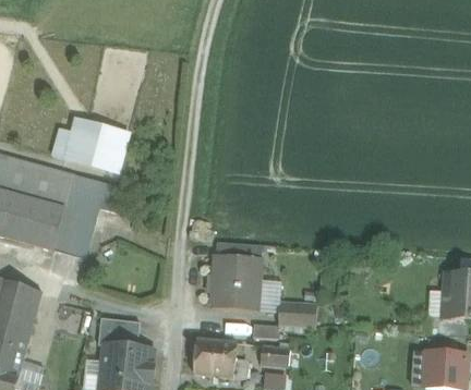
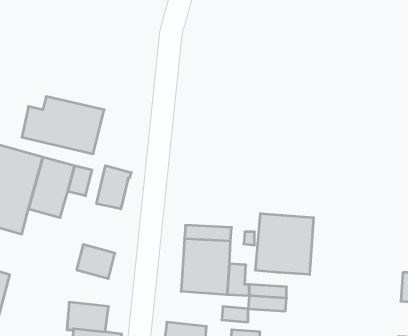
building: none -> [97,166,131,209]
building: [53,226,92,259] -> [77,245,115,279]
building: none -> [256,213,314,275]

